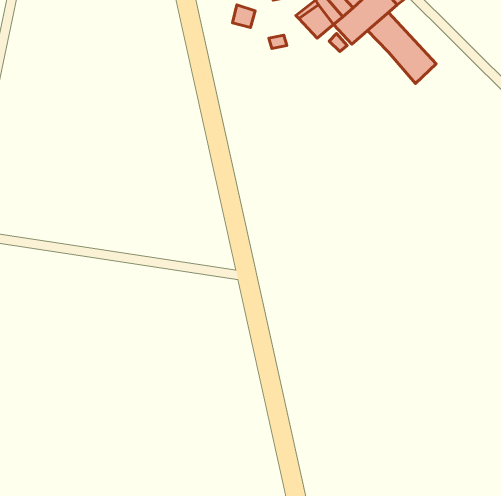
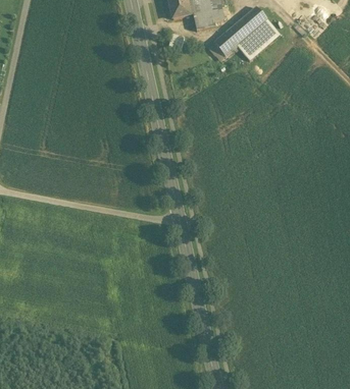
building: [368,12,436,83] -> none

